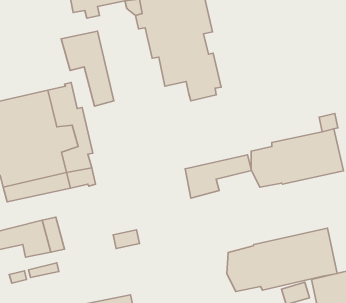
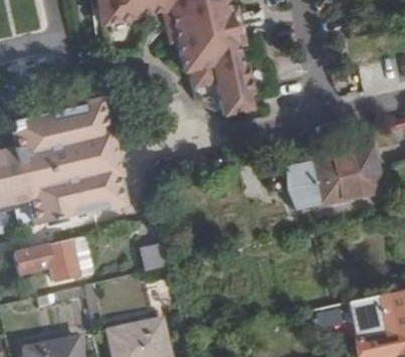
building: [61,31,114,106] -> none
building: [185,155,251,198] -> none
building: [227,228,337,292] -> none

